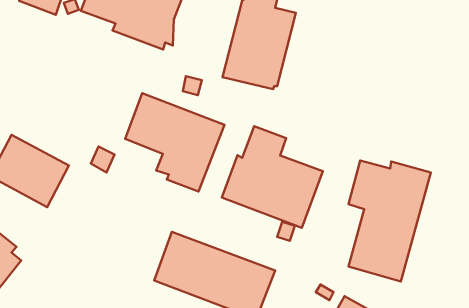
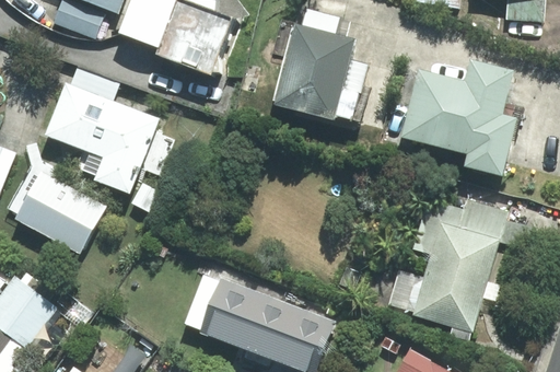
building: none -> [401,59,516,175]
building: [125,93,224,191] -> [48,83,158,191]
building: [222,126,323,228] -> none

